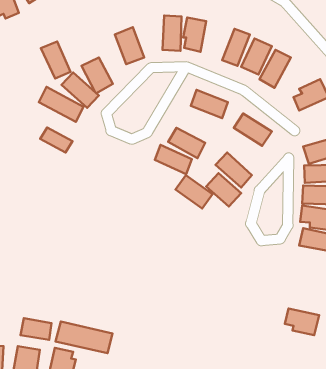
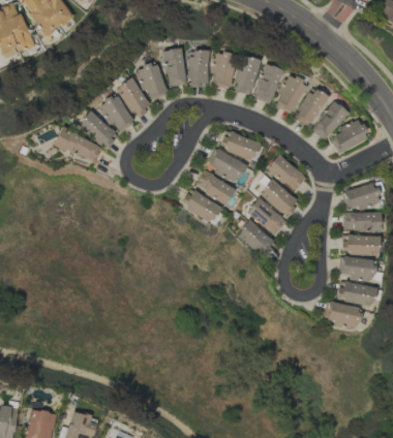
building: none -> [165,49,185,86]
building: none -> [234,56,260,95]
building: [41,42,70,79] -> [118,79,150,119]
building: none -> [310,102,349,140]
building: none -> [206,149,246,183]
building: [40,127,73,152] -> none
building: [175,175,213,209] -> [260,181,300,217]
building: [285,309,319,335] -> [324,302,361,331]
building: [20,318,51,340] -> none
building: [56,321,113,353] -> none

